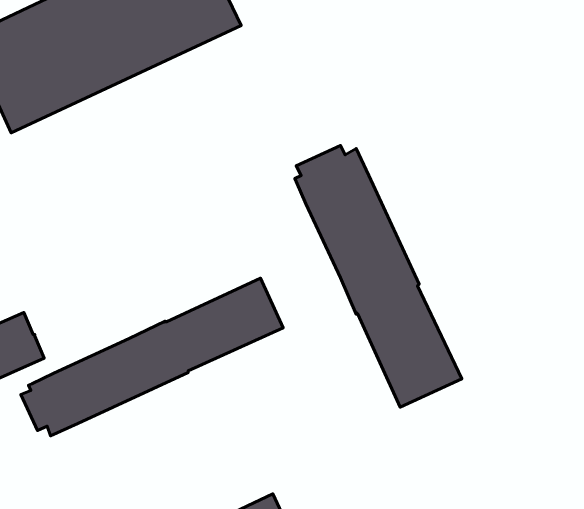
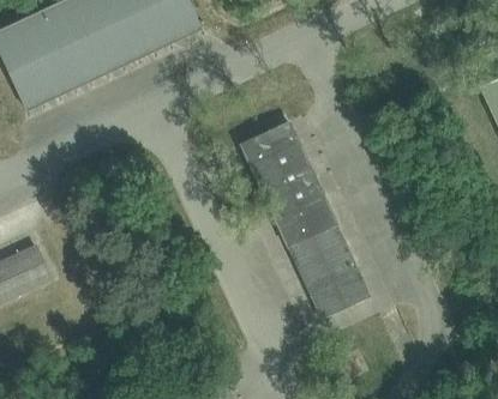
building: [21,278,283,436] -> none

